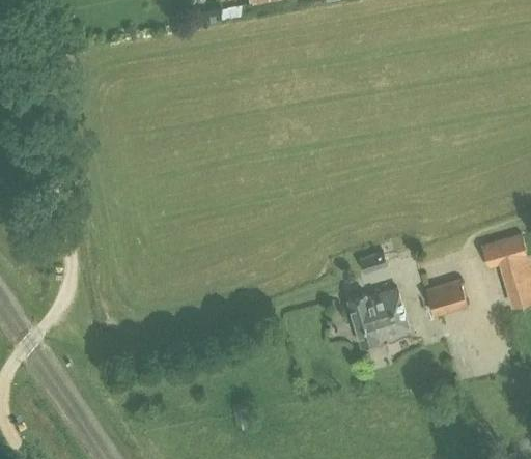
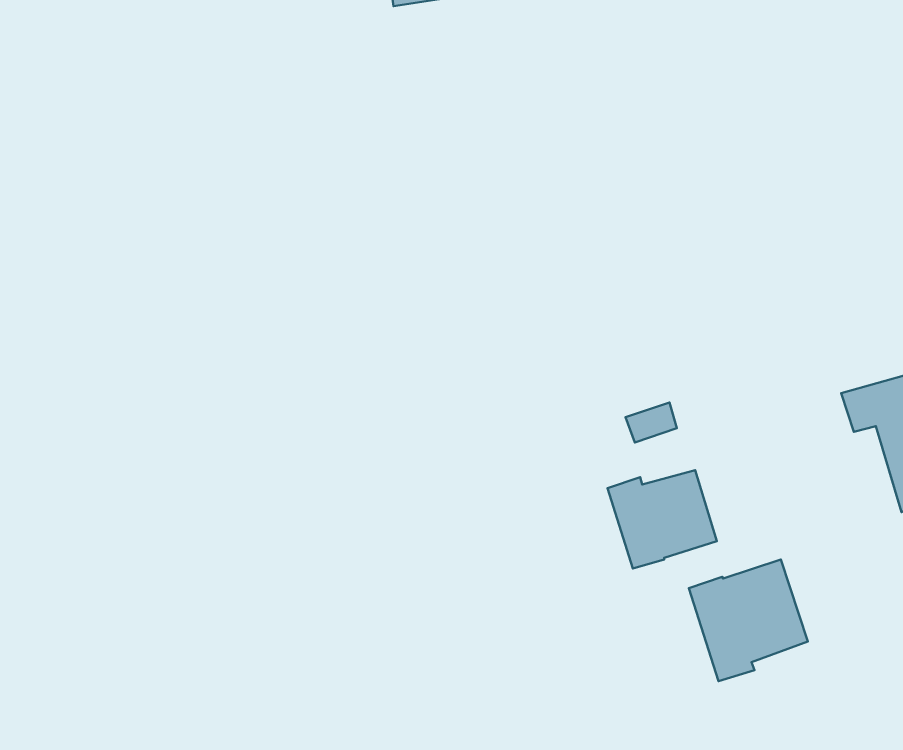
building: [425,279,467,315] -> none
building: none -> [689,560,808,681]

